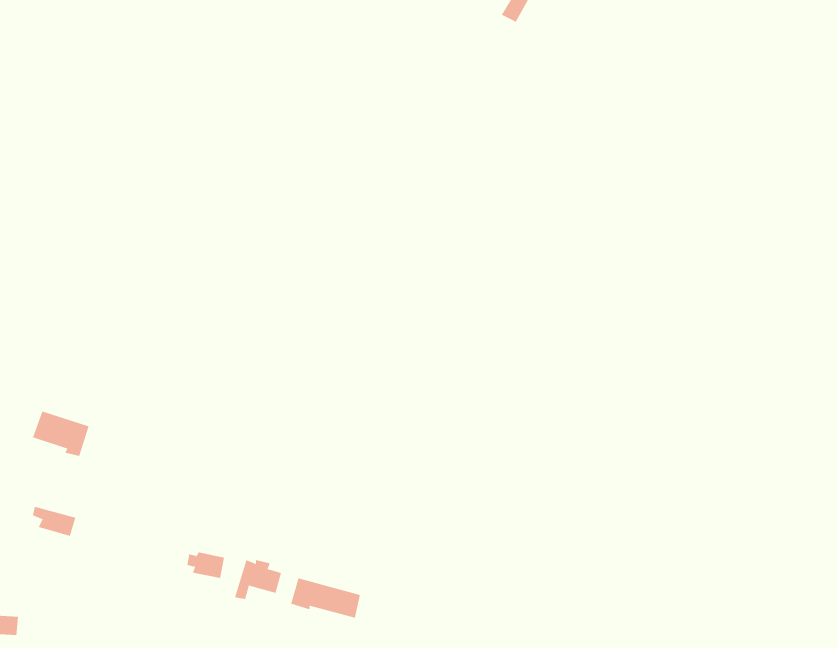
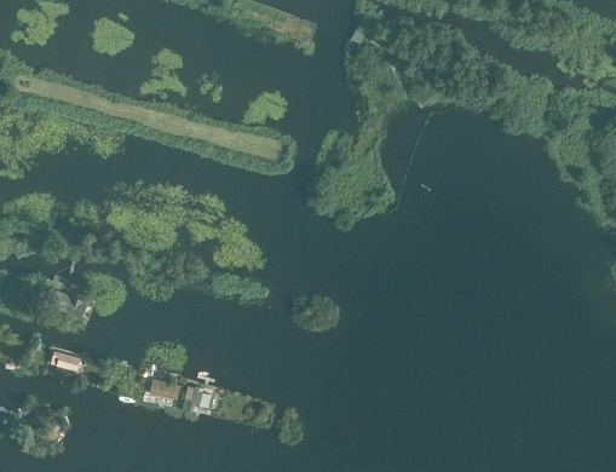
building: [291,577,360,618] -> none

